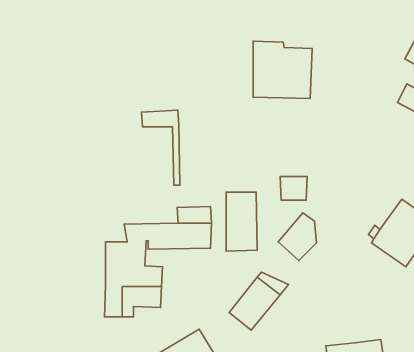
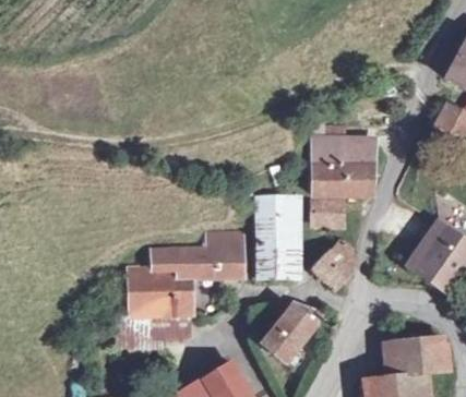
building: [253,41,312,98] -> [312,135,374,195]
building: [141,110,180,185] -> [258,198,298,277]
building: none -> [392,327,444,374]

